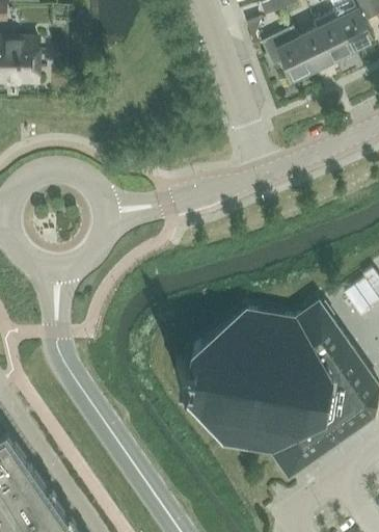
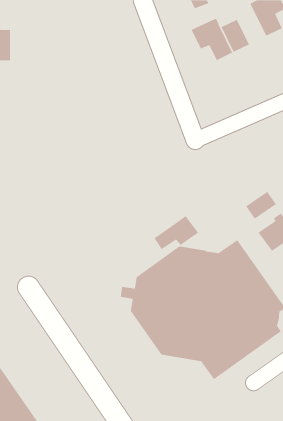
building: [314,12,353,66] -> none
building: none -> [245,191,277,220]
building: none -> [154,215,199,250]

